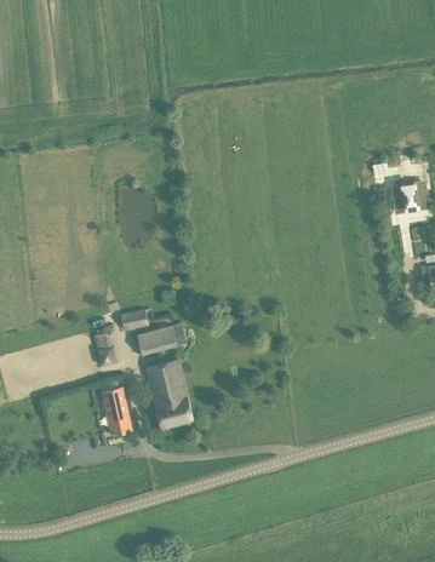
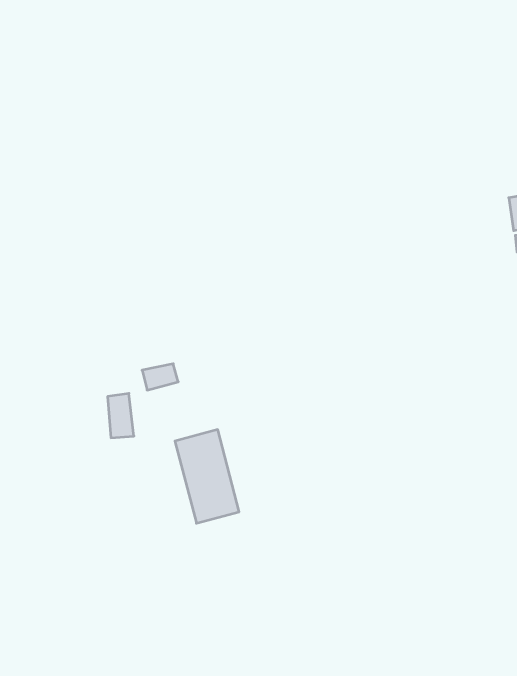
building: [137,326,177,354] -> none
building: [102,388,131,435] -> none

